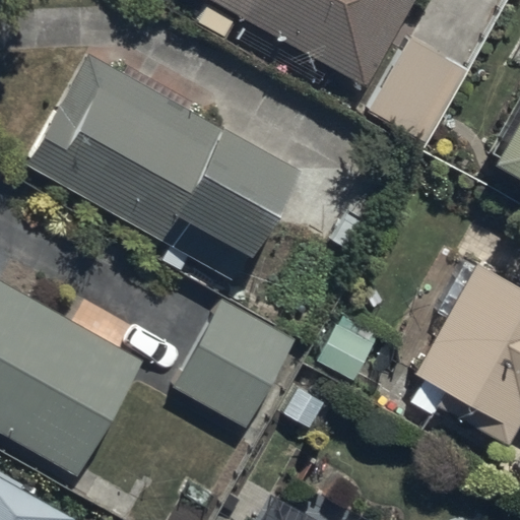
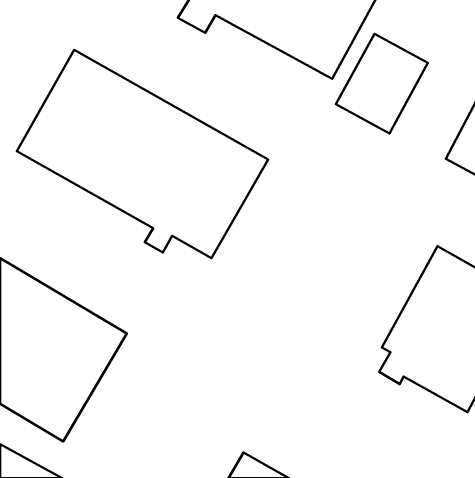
building: [177,301,295,425] -> none

